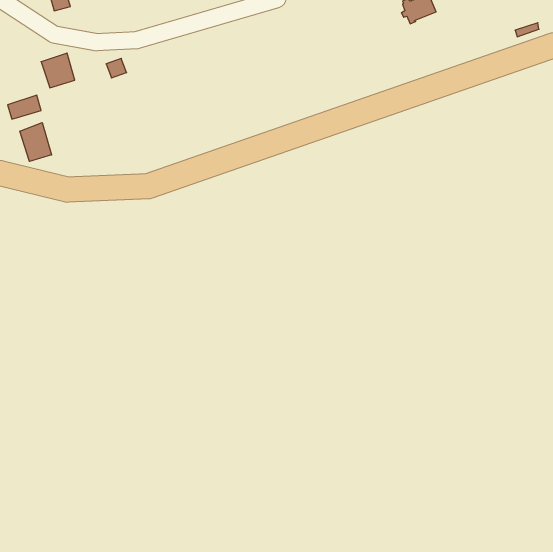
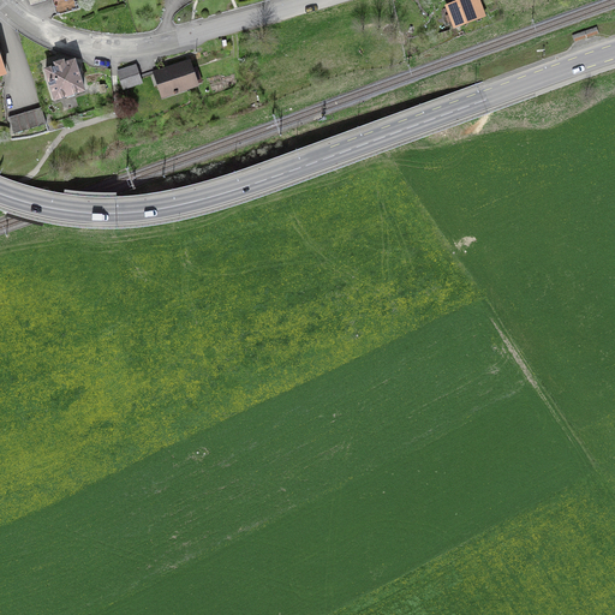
building: none -> [157,61,195,94]
building: [20,123,52,161] -> none

